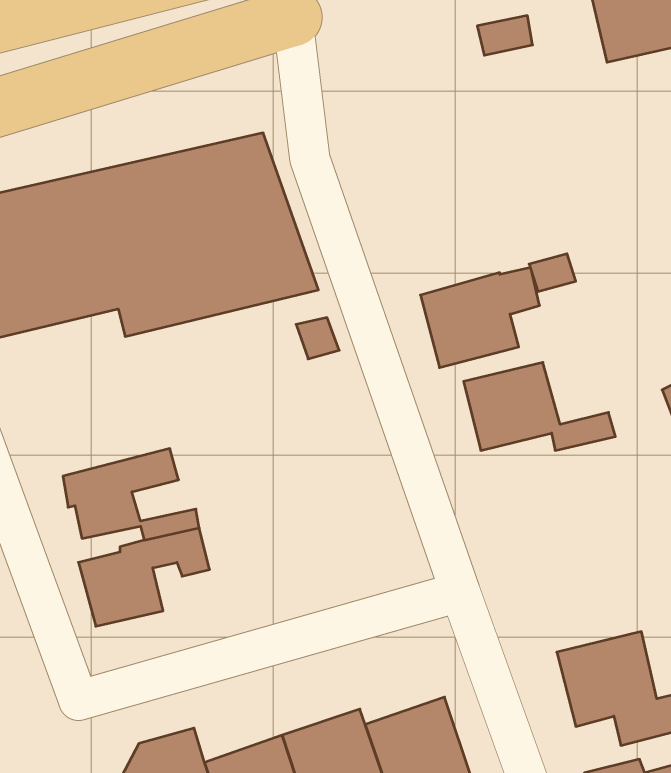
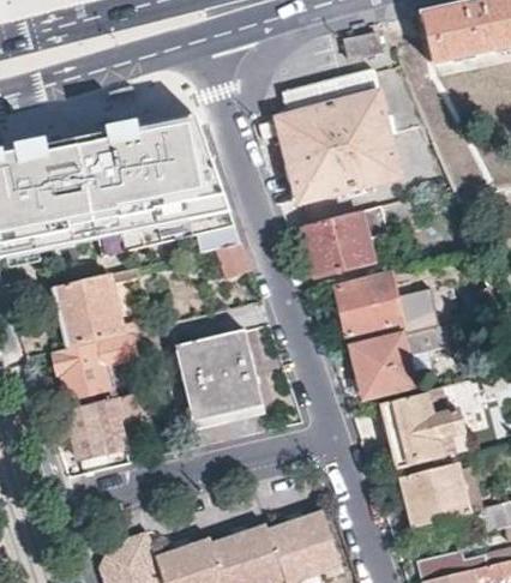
building: none -> [276,72,402,204]
building: none -> [53,266,148,345]
building: none -> [351,325,444,397]
building: none -> [175,330,261,422]
building: none -> [381,391,464,467]

